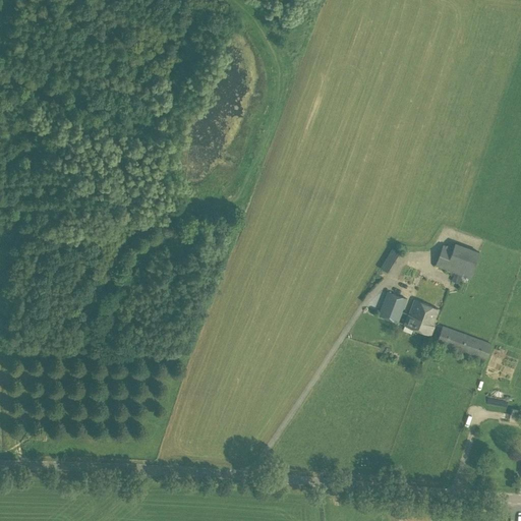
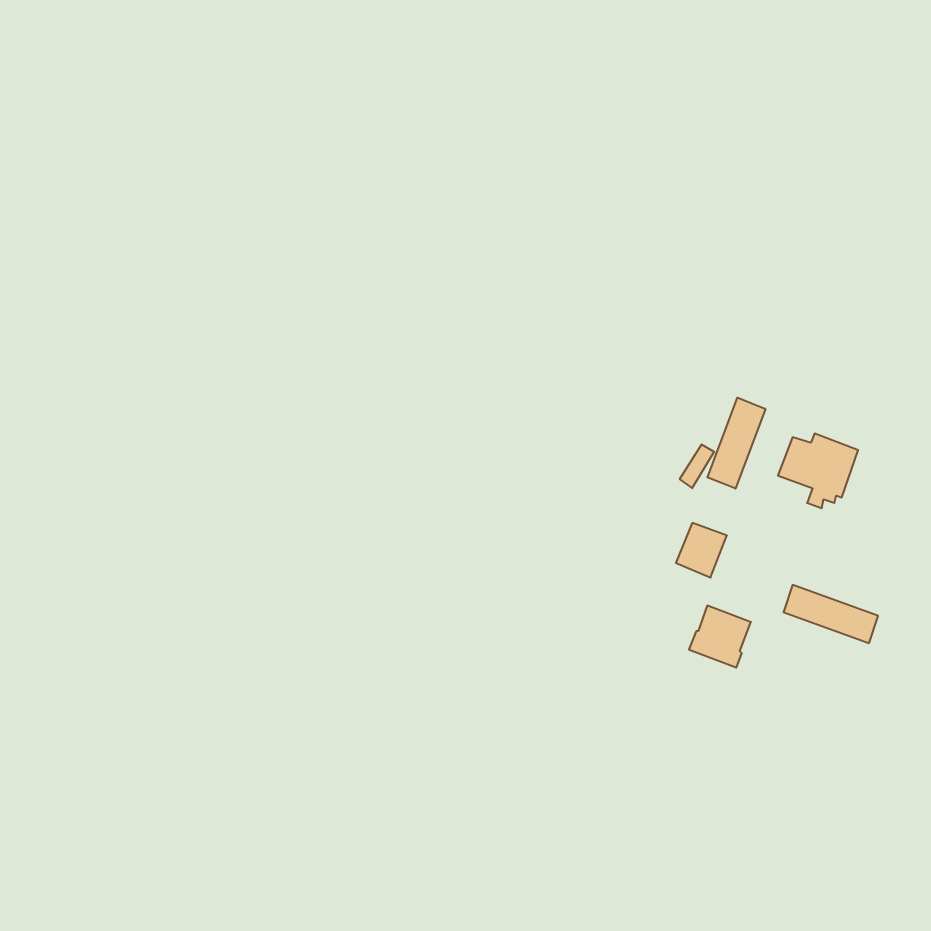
building: none -> [707,398,765,489]
building: [404,300,439,335] -> [689,606,751,668]

